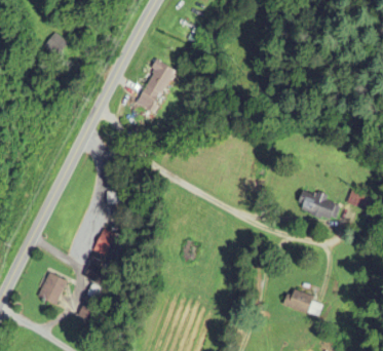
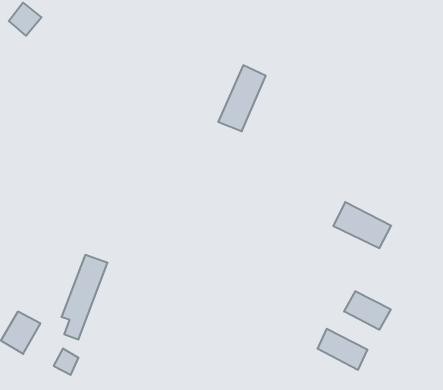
building: [137,60,174,111] -> [218,65,266,131]
building: none -> [344,291,391,330]

